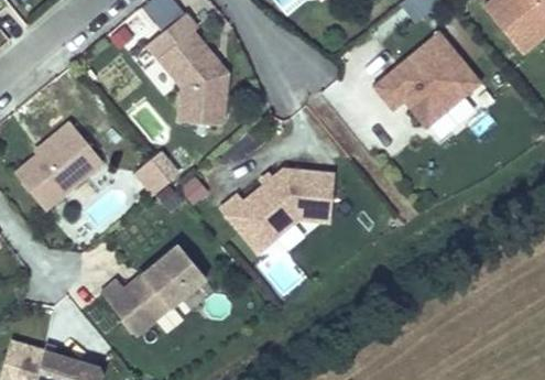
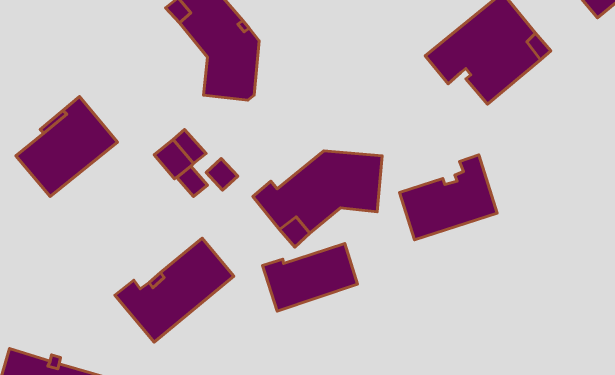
building: none -> [400,155,497,240]
building: none -> [263,244,358,311]

